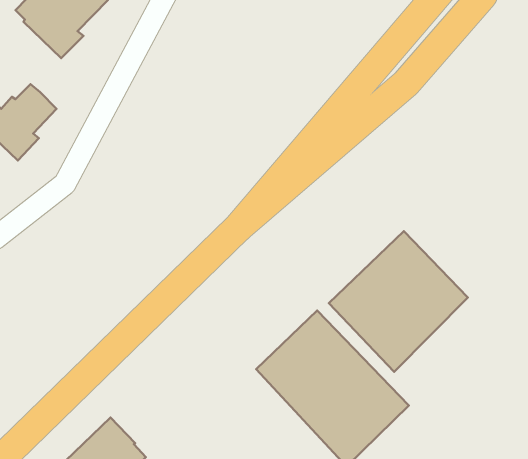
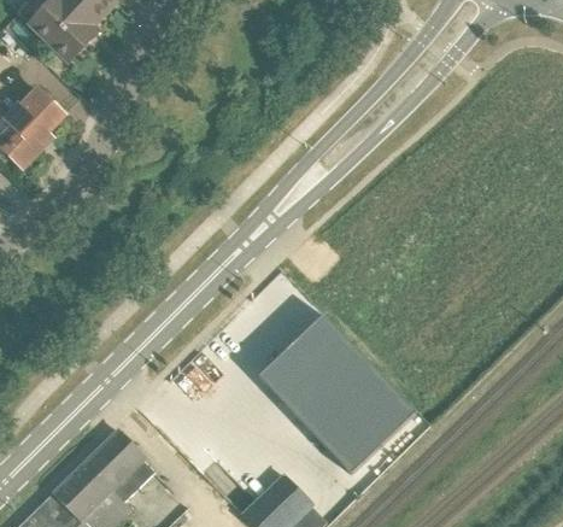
building: [329,231,468,372] -> none

